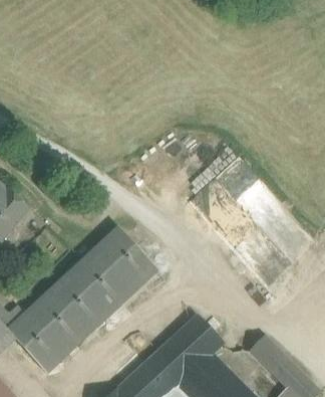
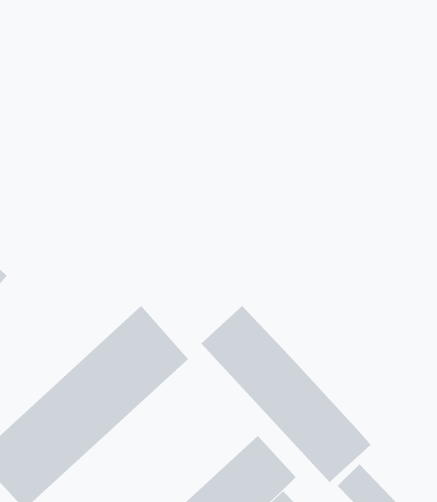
building: none -> [201,305,371,483]

